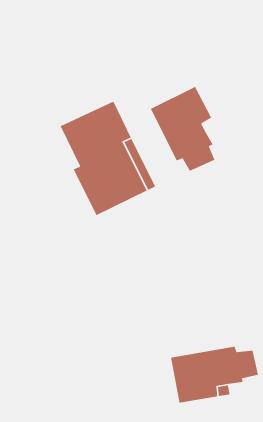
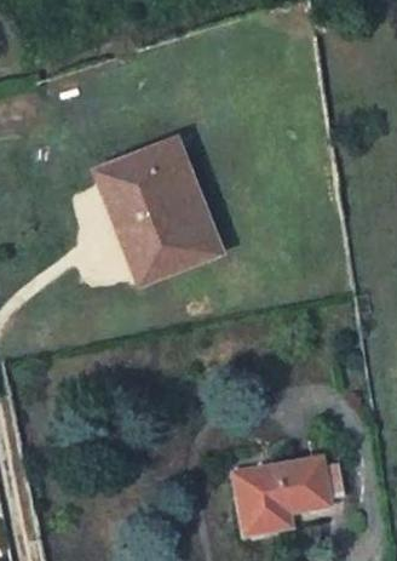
building: [150,86,215,172] -> none

